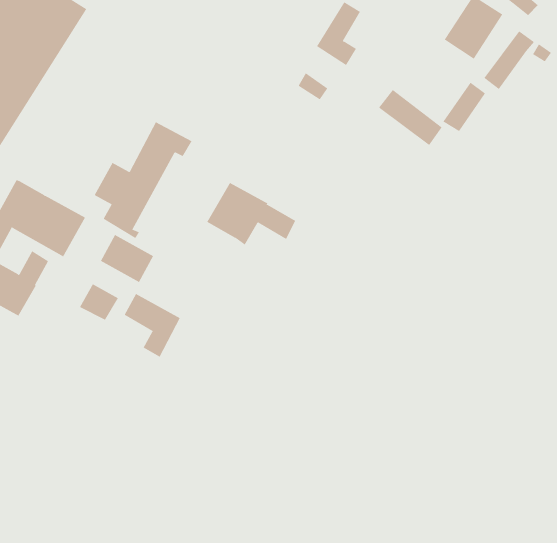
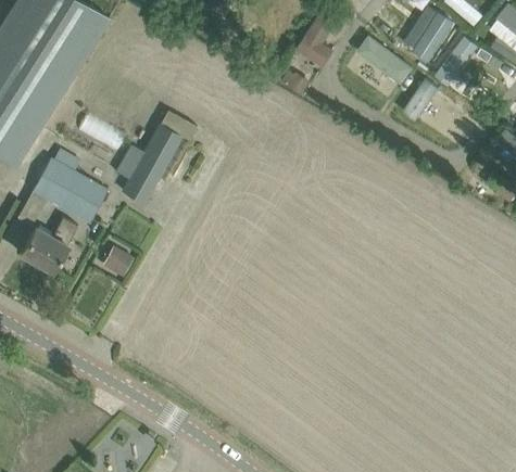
building: [378,89,443,146] -> [357,37,411,84]
building: [207,182,296,246] -> none
building: [100,234,154,283] -> none
building: [124,293,180,357] -> none

